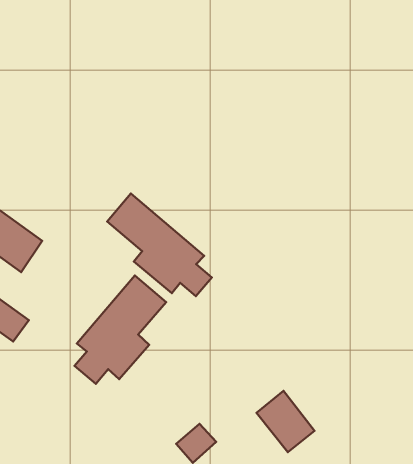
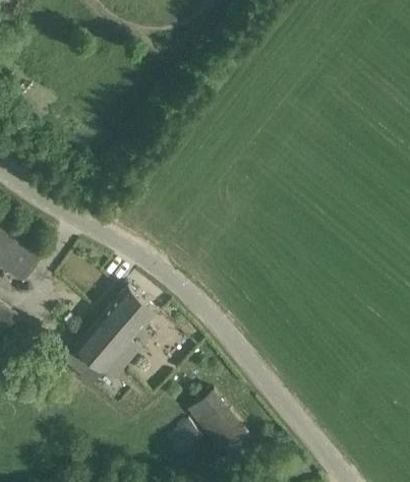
building: [107,193,212,296] -> none
building: [257,391,315,452] -> [187,393,240,448]

